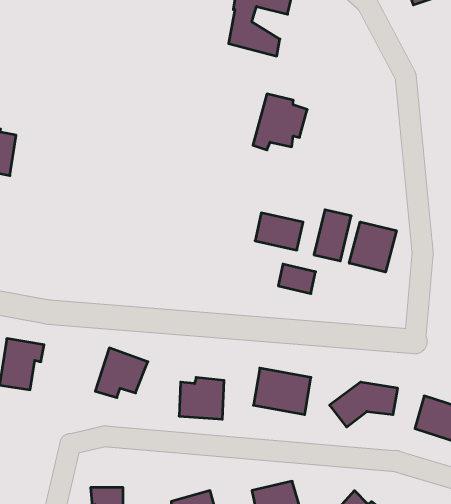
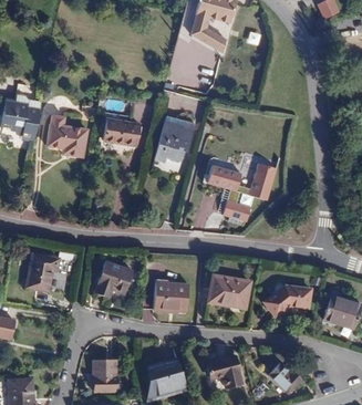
building: [253,94,307,150] -> [155,121,194,160]
building: none -> [46,113,86,155]
building: none -> [103,120,139,145]
building: [349,222,396,272] -> none

